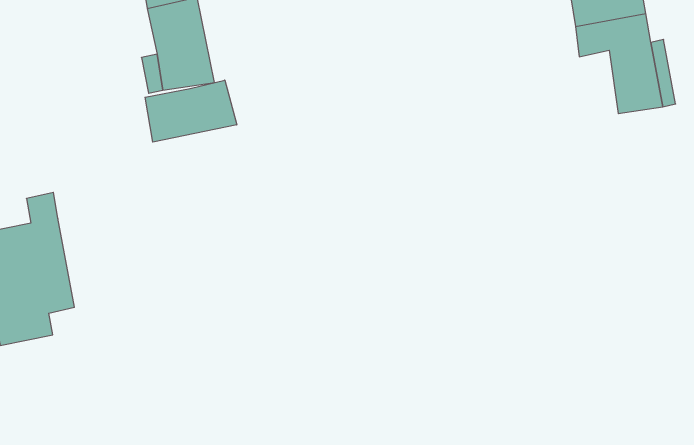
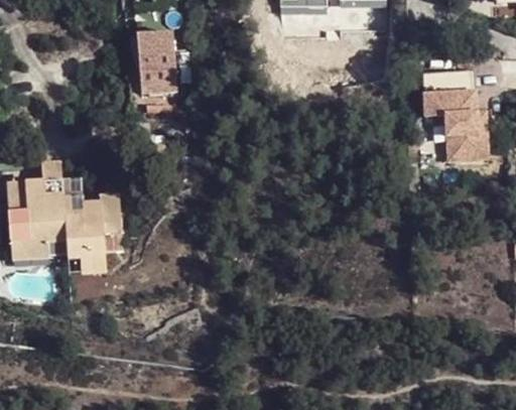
building: [145,80,237,142] -> none
building: none -> [58,180,120,277]

